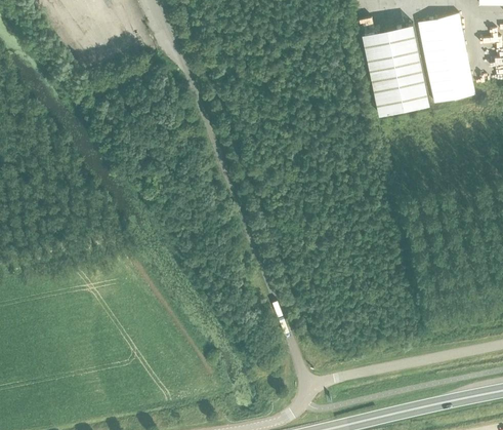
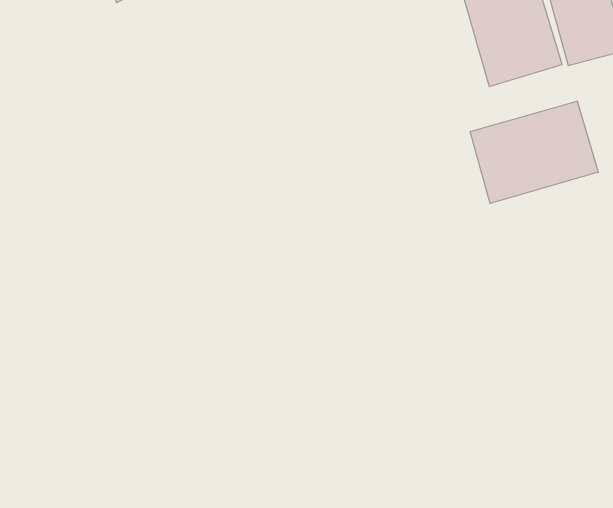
building: none -> [470,101,598,203]

